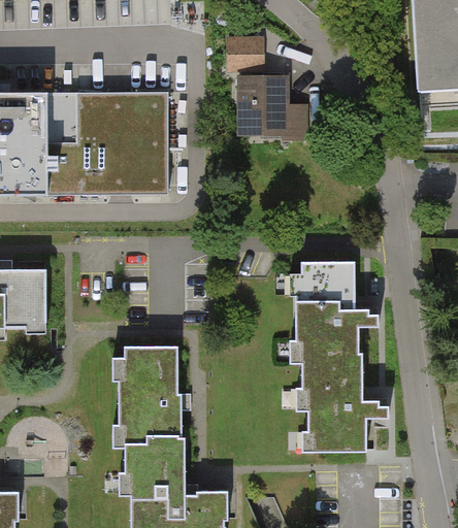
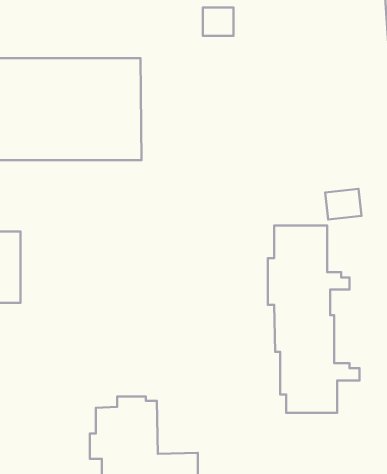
building: [237,75,310,141] -> none
building: none -> [325,189,361,219]
building: [108,346,184,451] -> none

